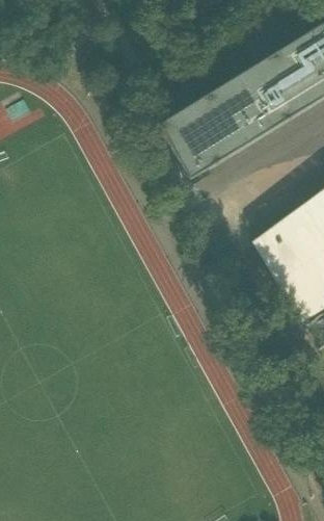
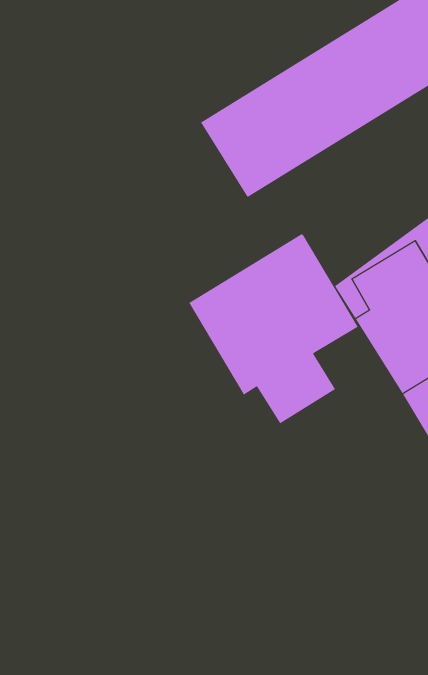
building: none -> [188,233,359,424]

